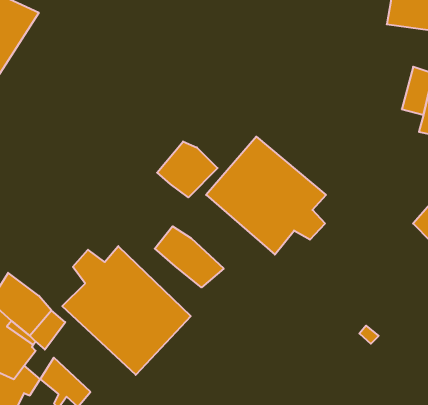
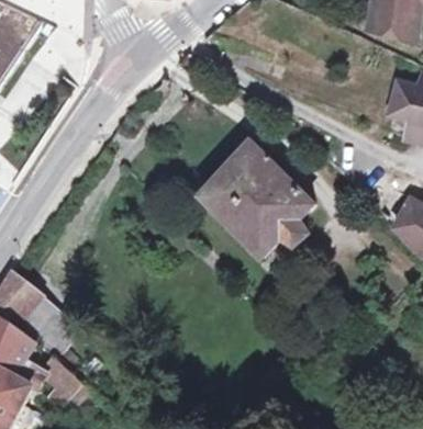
building: [157,141,218,197] -> none
building: [155,226,224,287] -> none
building: [62,246,191,375] -> none

